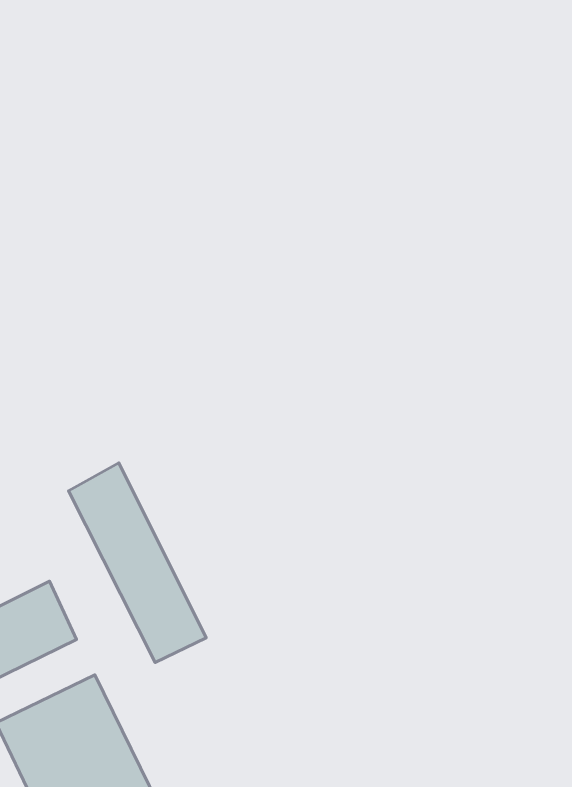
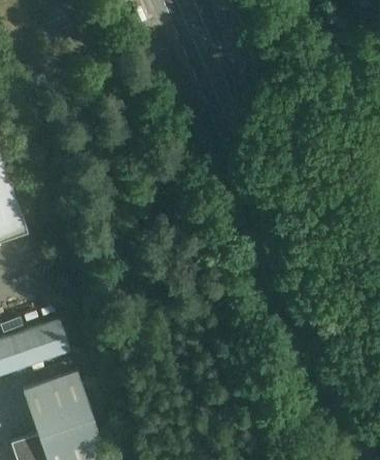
building: [68,463,206,662] -> none

